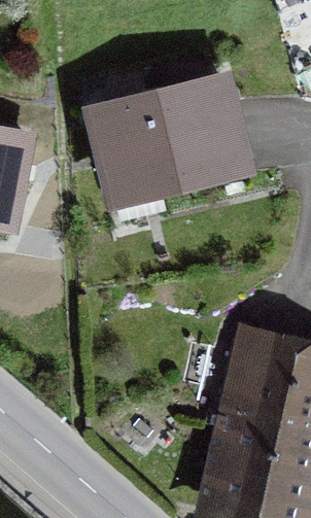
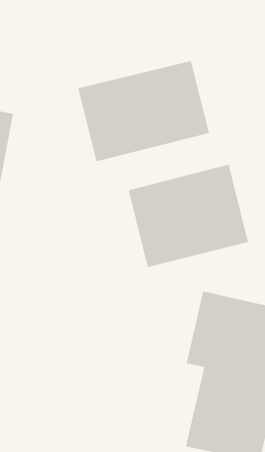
building: none -> [128,164,248,268]

